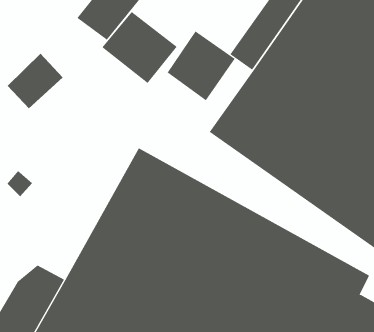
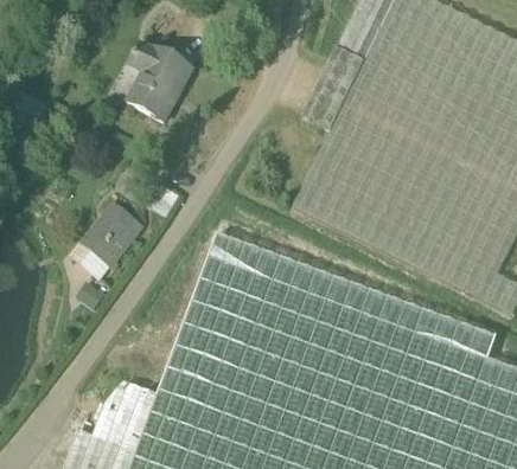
building: [101,11,178,84] -> none
building: [167,31,236,101] -> none
building: [7,53,63,109] -> [82,200,143,265]

